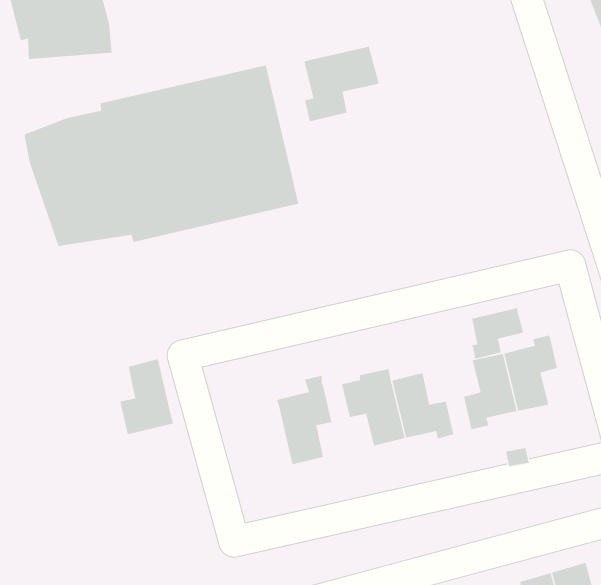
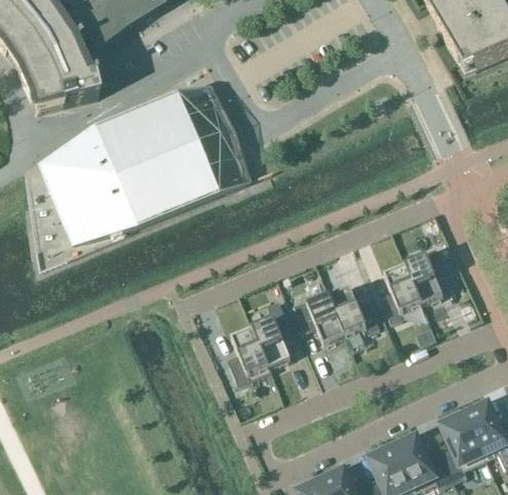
building: [304,46,379,122] -> none
building: [471,308,524,359] -> none
building: [119,358,174,435] -> [231,325,272,382]

